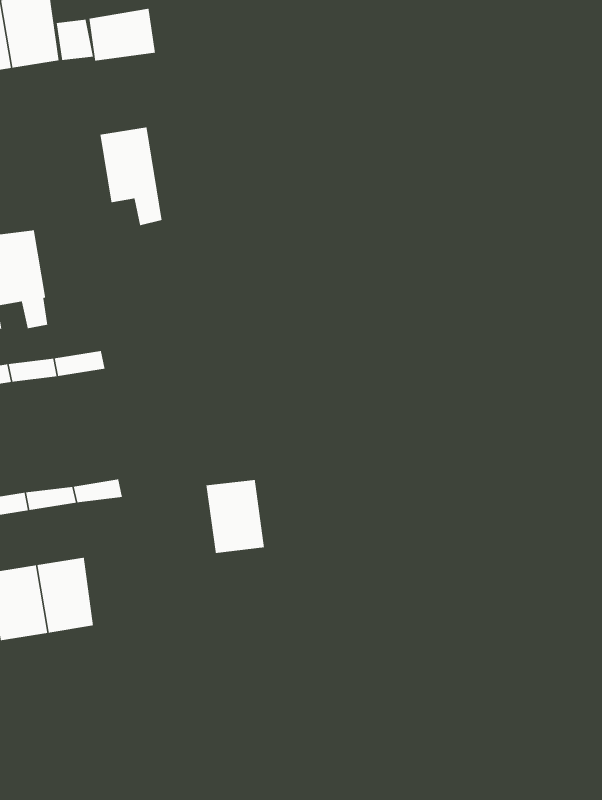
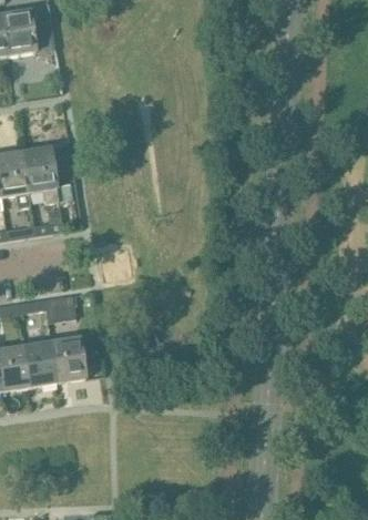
building: [88,8,156,61] -> none
building: [99,127,163,226] -> [21,145,58,203]
building: [206,479,265,554] -> [50,336,84,379]

